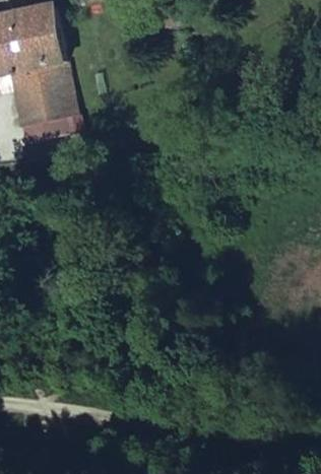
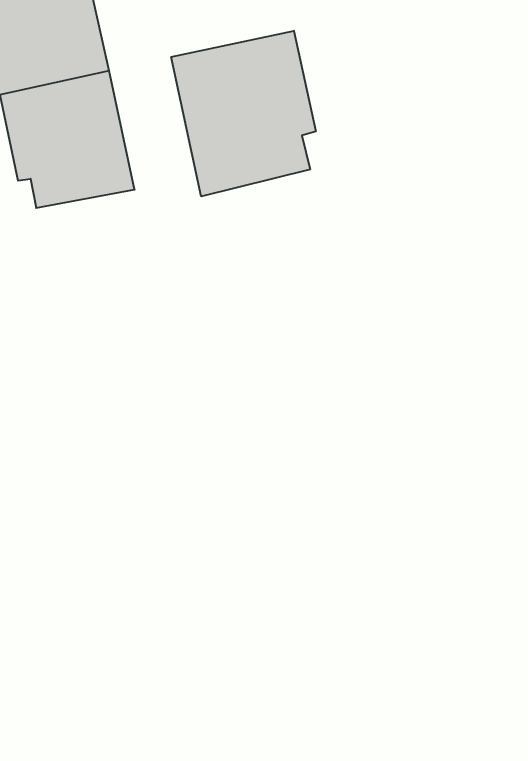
building: none -> [171,31,316,196]

